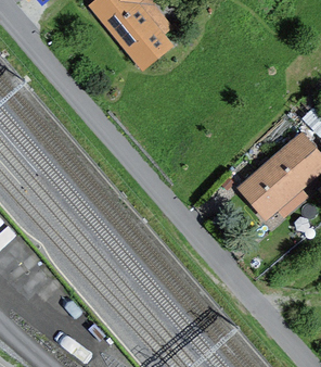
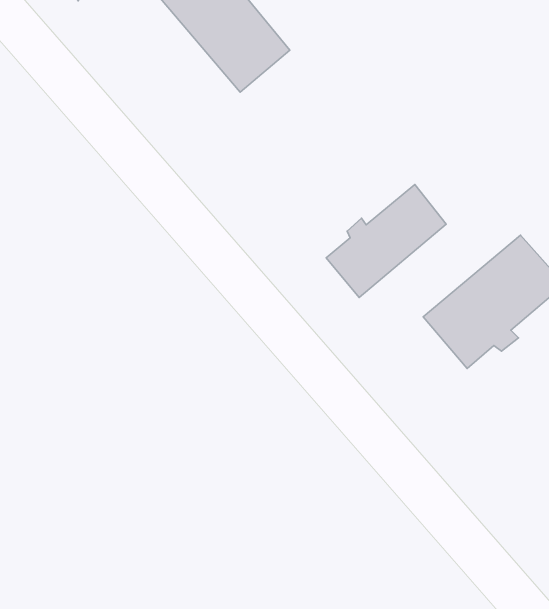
building: none -> [326,185,446,297]

